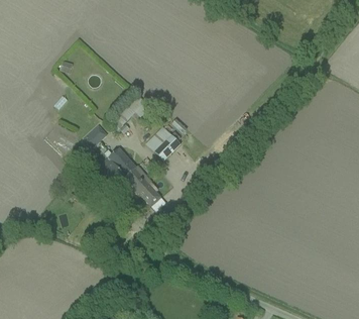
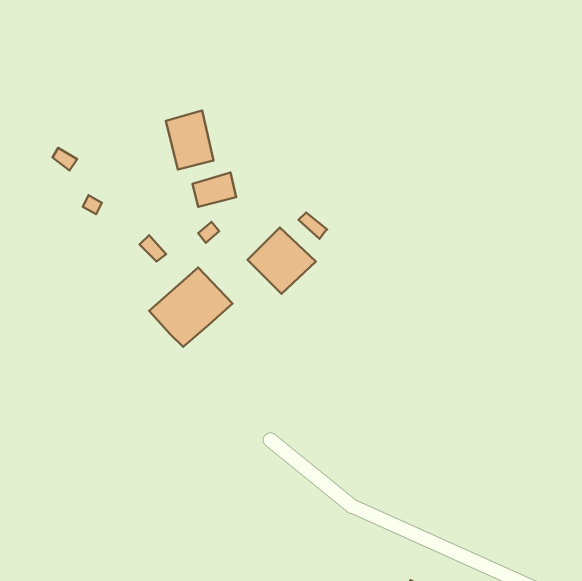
building: none -> [166,110,214,170]
building: [125,166,161,206] -> none

